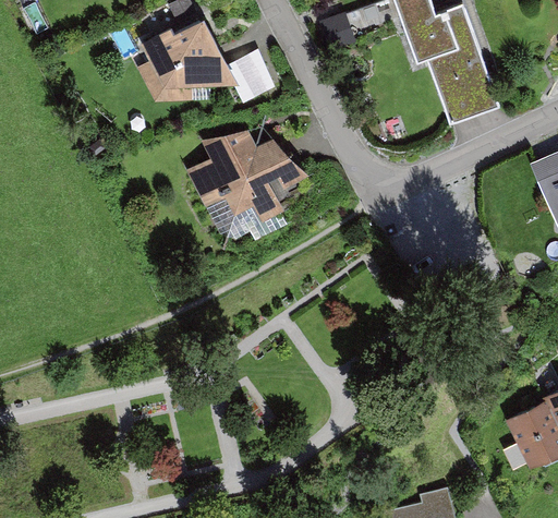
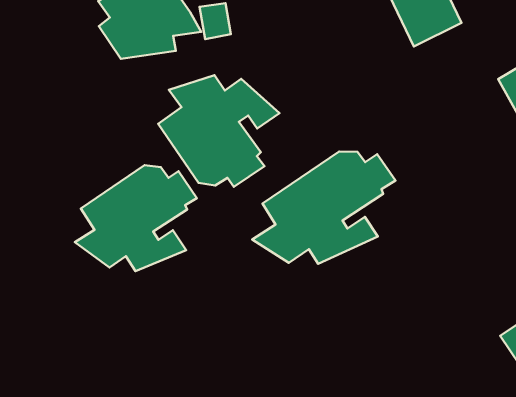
building: none -> [75,165,197,271]
building: none -> [252,151,395,264]

